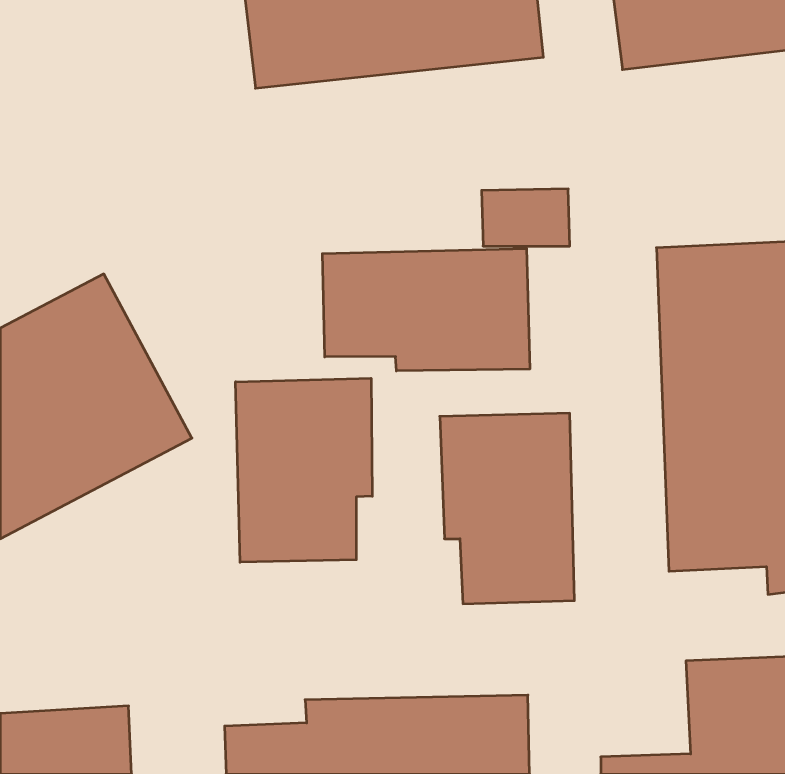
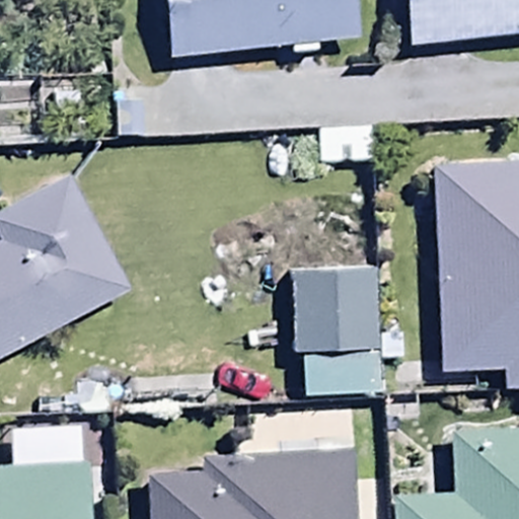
building: [322,249,530,371] -> none
building: [236,378,372,562] -> none

